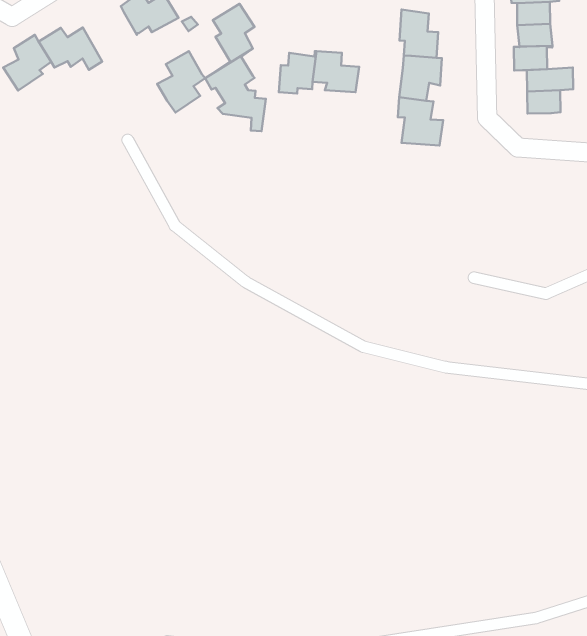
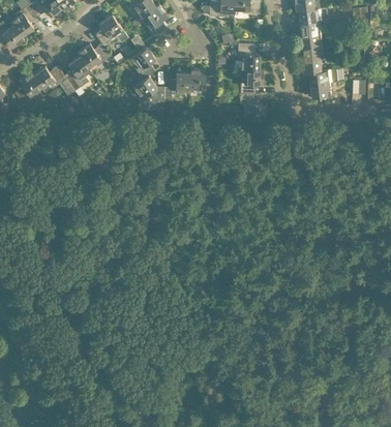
building: [157,51,205,112] -> [64,55,91,90]

